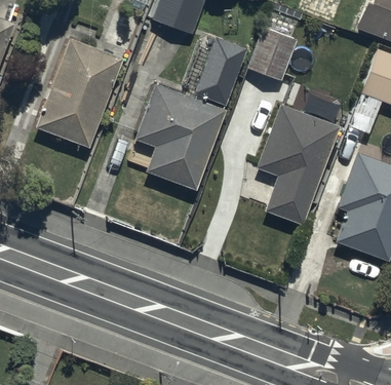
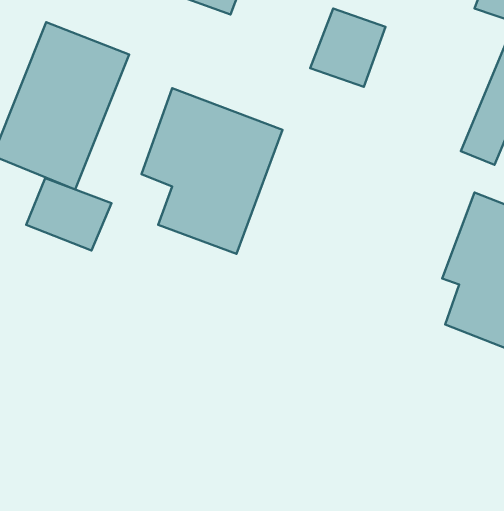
building: [195,38,247,106] -> none
building: [257,83,345,227] -> none
building: none -> [26,178,111,251]

